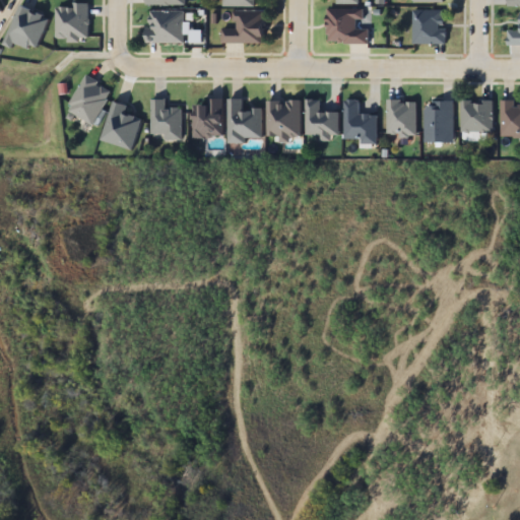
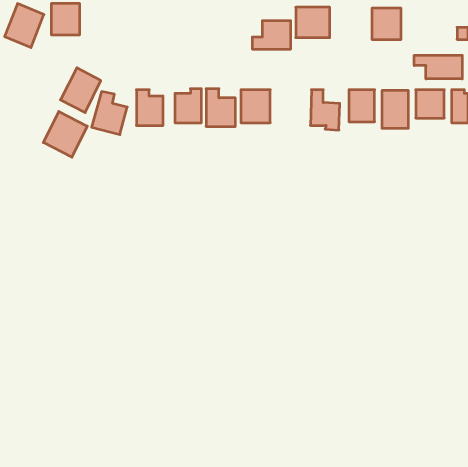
building: [147,10,185,42] -> none
building: [222,10,265,42] -> [252,21,291,49]
building: none -> [414,55,462,79]
building: [306,100,339,136] -> none
building: none -> [43,111,87,157]

